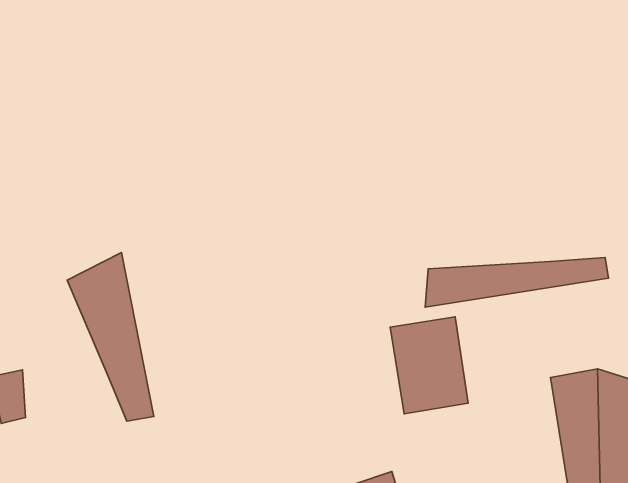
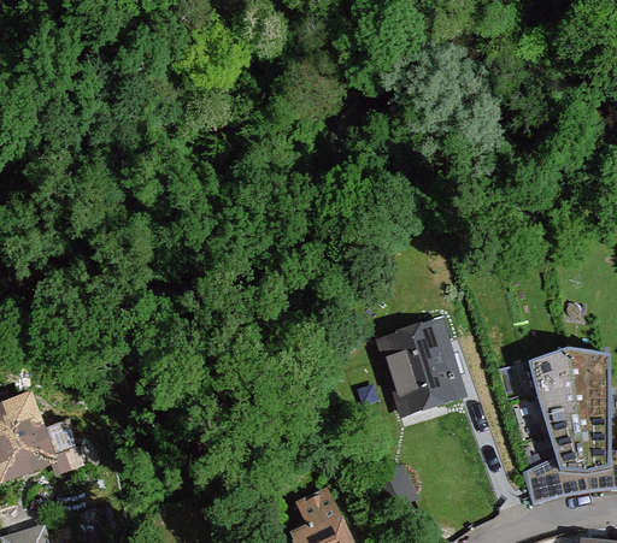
building: [67,253,154,421] -> none
building: [425,258,609,307] -> none

